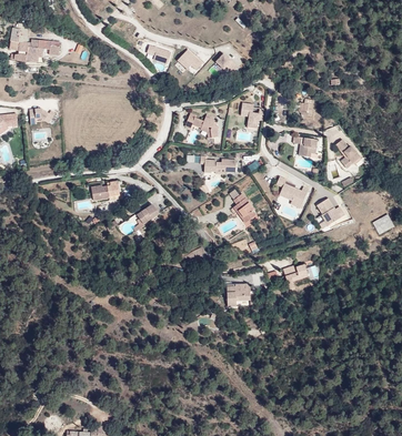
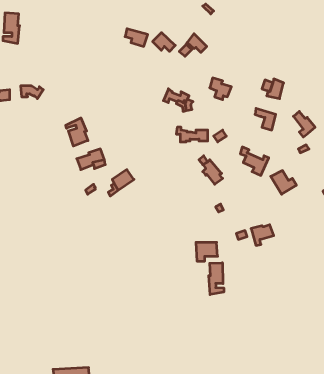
building: [24,39,58,61] -> none
building: none -> [66,118,88,146]
building: none -> [209,263,224,295]

